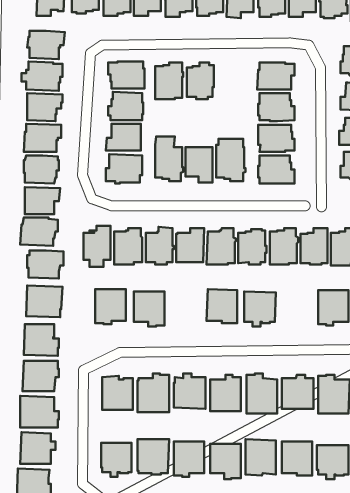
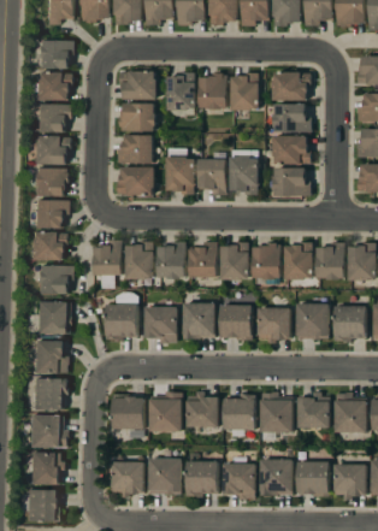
building: none -> [231,72,259,111]
building: none -> [184,302,215,338]
building: none -> [296,303,329,340]

